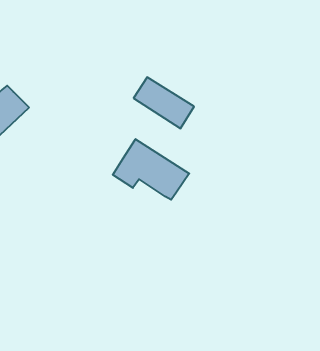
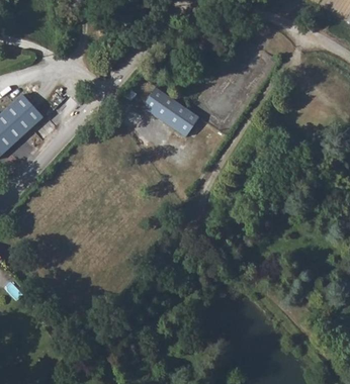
building: [113,139,189,200] -> none

